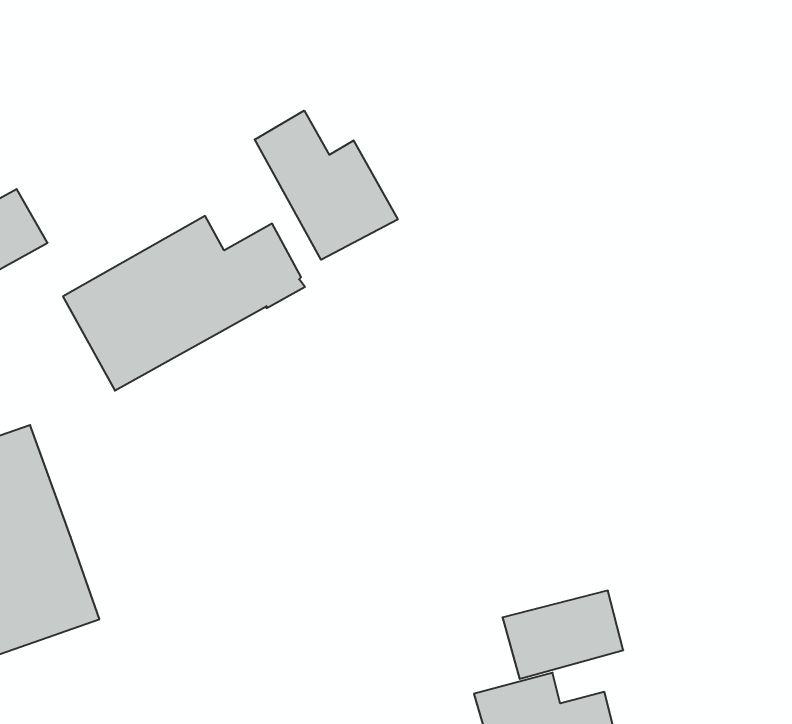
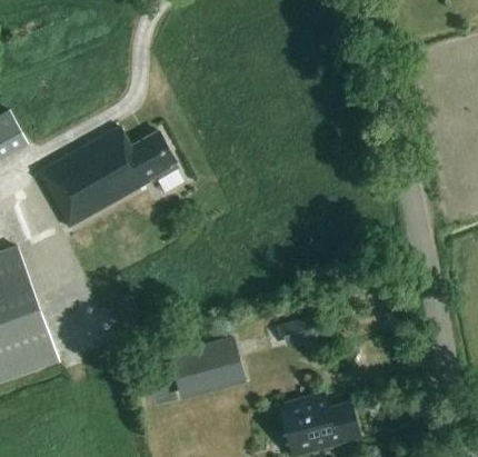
building: [255,111,398,260] -> none
building: [502,591,623,679] -> [172,342,242,394]

